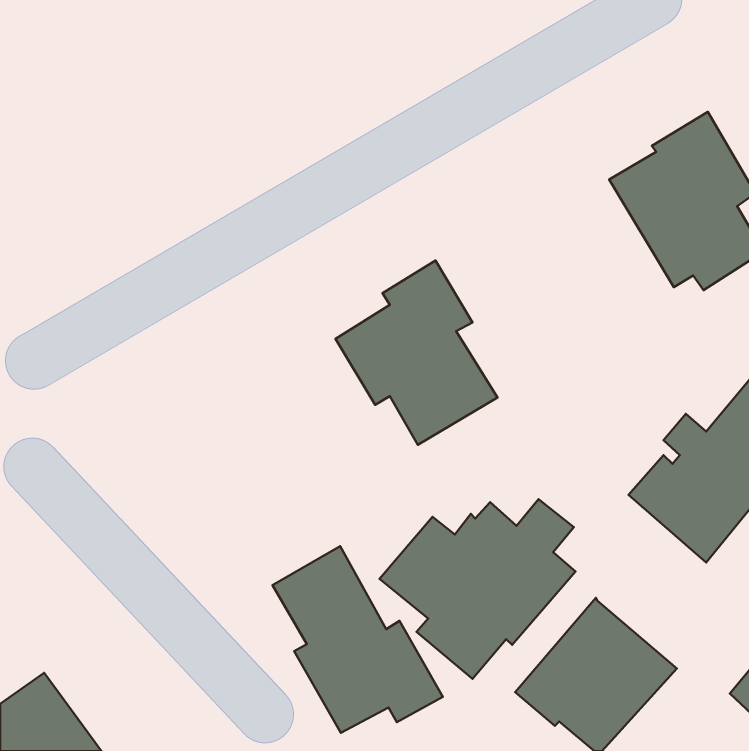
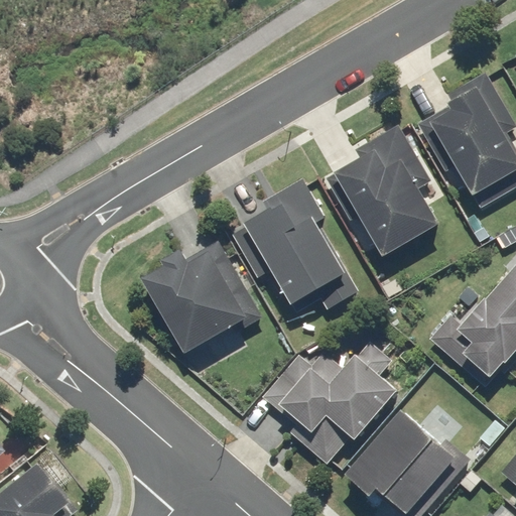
building: none -> [328,126,437,256]
building: none -> [138,239,266,358]
building: [272,546,443,733] -> none

